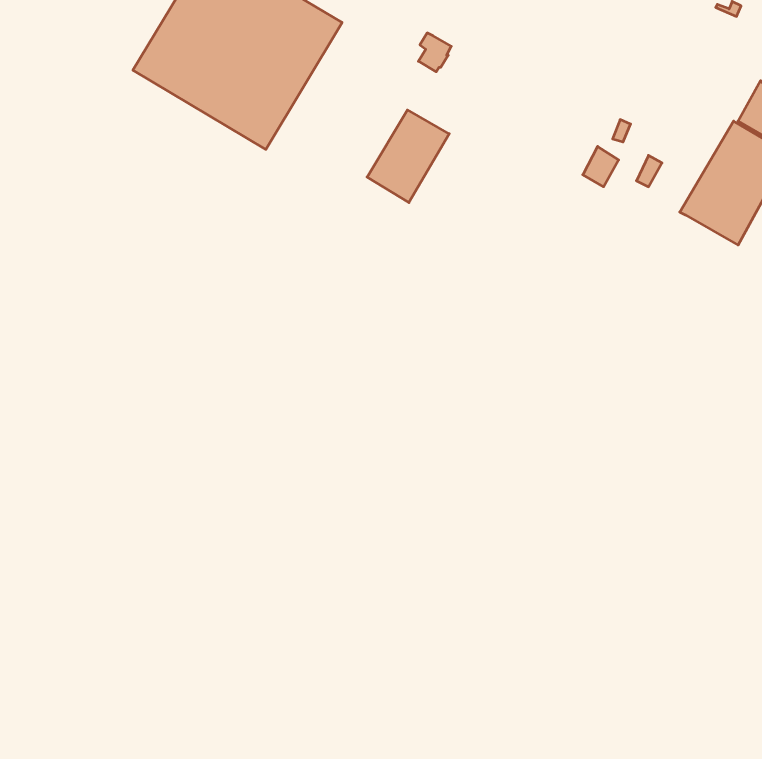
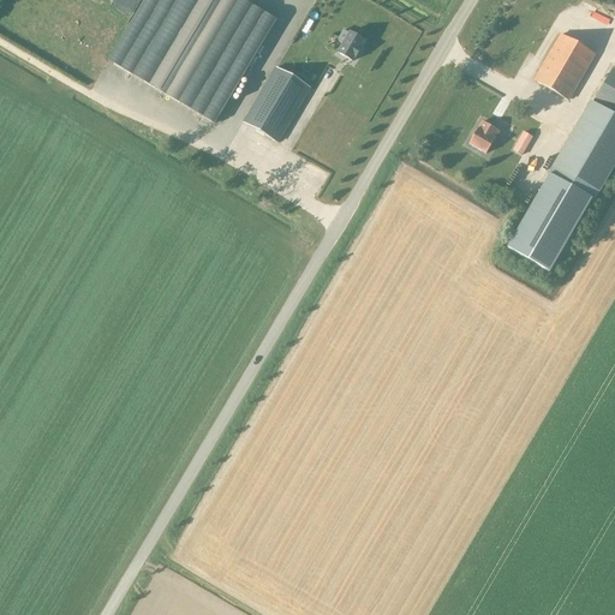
building: none -> [535,31,595,97]
building: [367,110,449,203] -> [244,65,310,139]
building: none -> [509,173,595,270]

